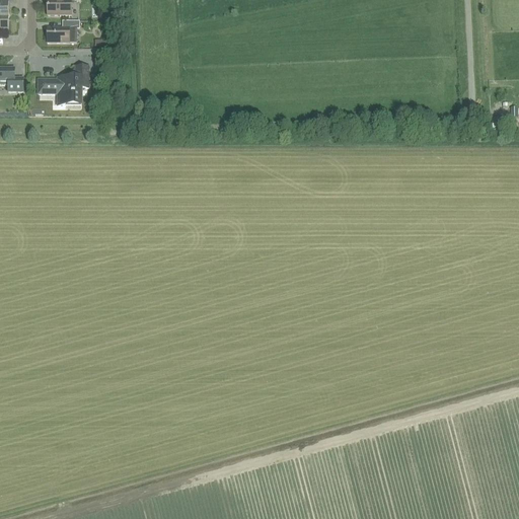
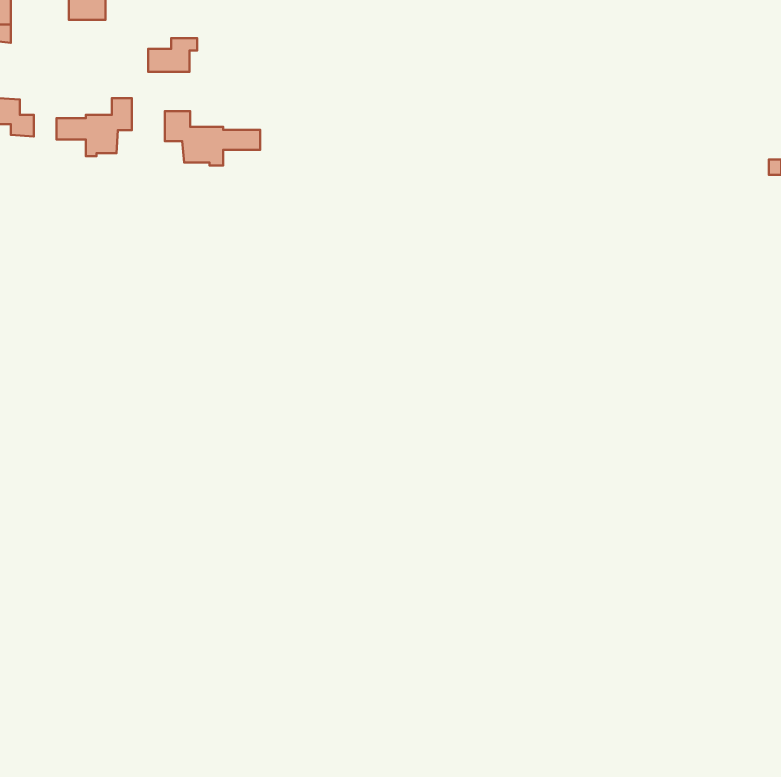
building: [46,18,78,41] -> [148,38,197,72]
building: none -> [165,111,260,165]

